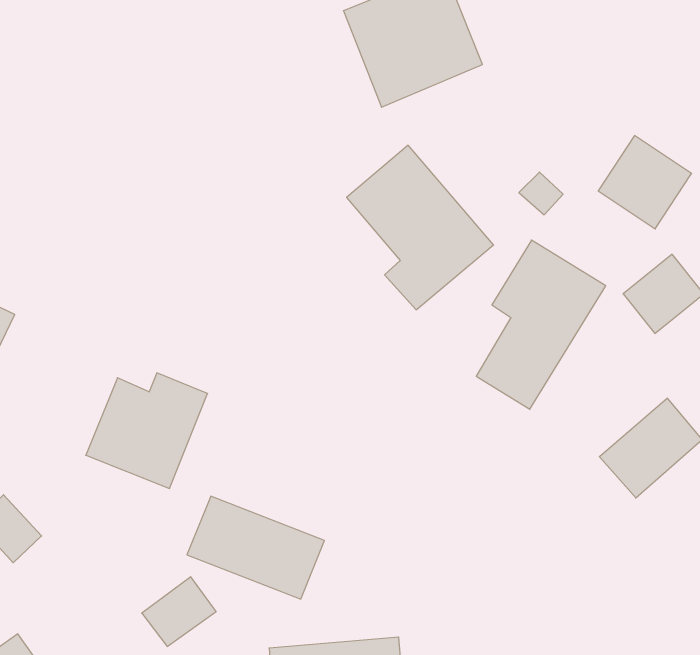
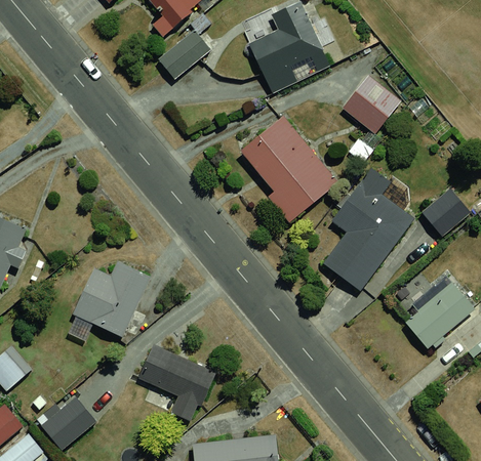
building: none -> [167,31,219,79]
building: [598,136,692,229] -> [340,74,401,134]
building: [142,577,216,646] -> [40,397,88,443]

